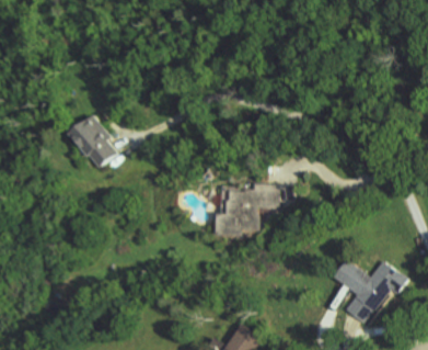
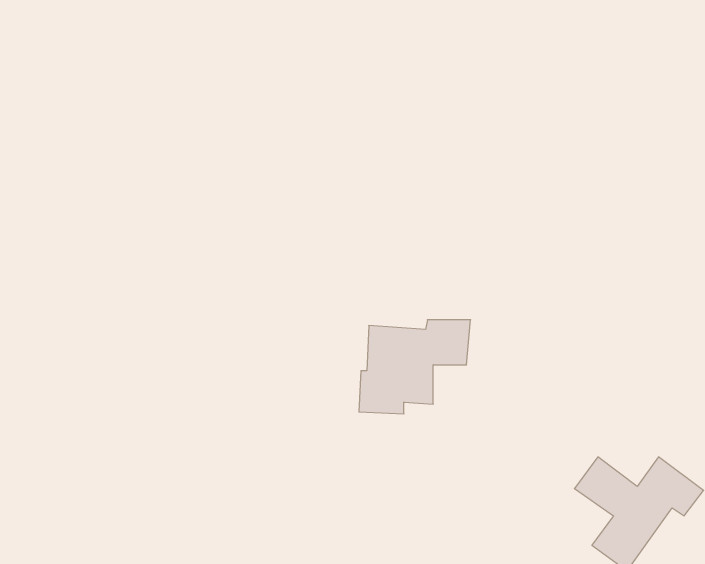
building: [71,116,116,169] -> none

